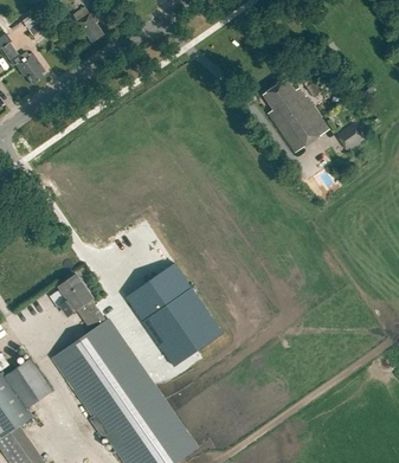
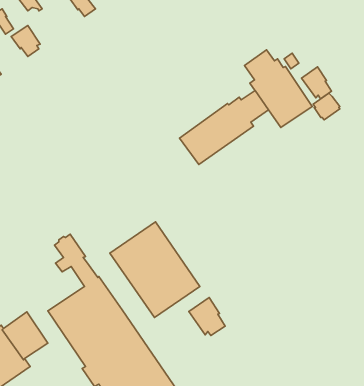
building: none -> [302,67,332,99]
building: none -> [179,90,269,165]
building: none -> [189,297,225,336]

